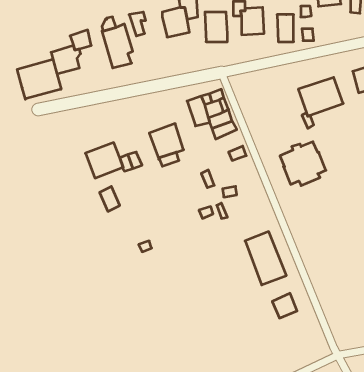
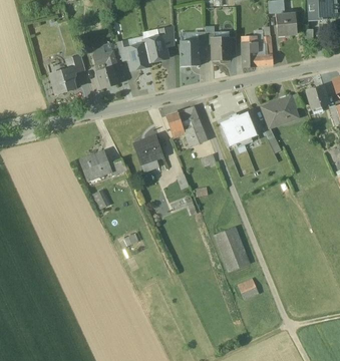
building: none -> [126,44,149,69]
building: [17,59,61,99] -> none
building: [280,142,326,186] -> [219,110,258,147]

